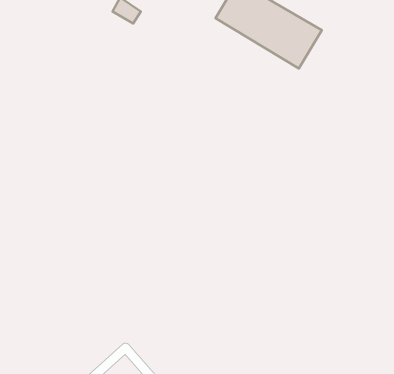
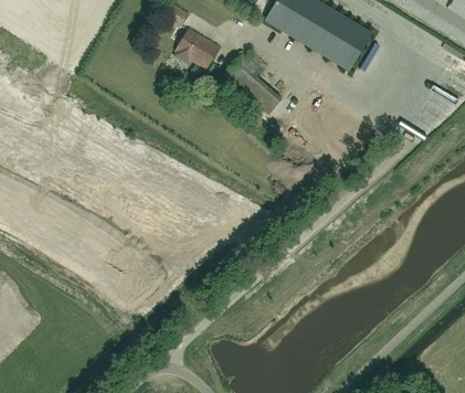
building: none -> [176,28,219,67]
building: none -> [223,52,282,114]

